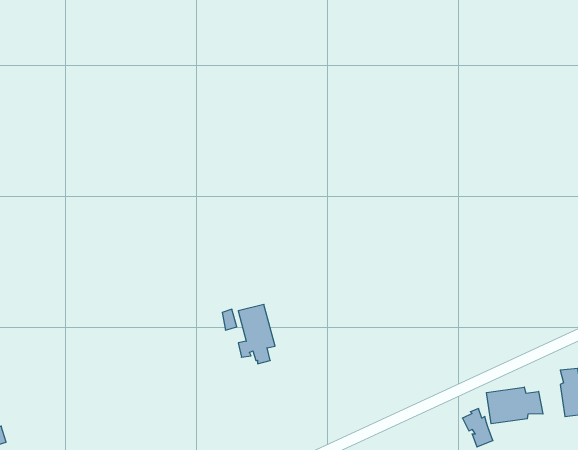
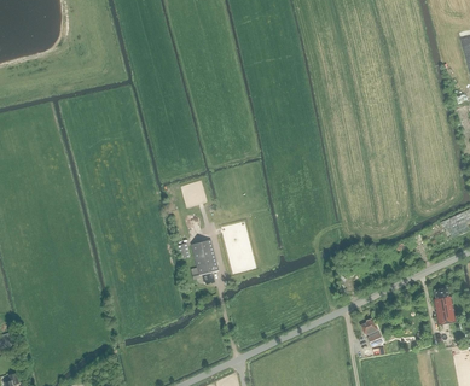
building: [486,387,543,424] -> none

